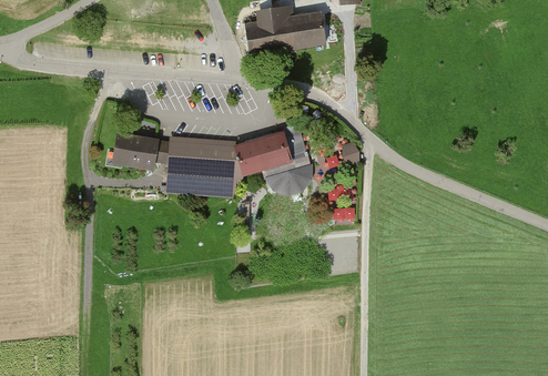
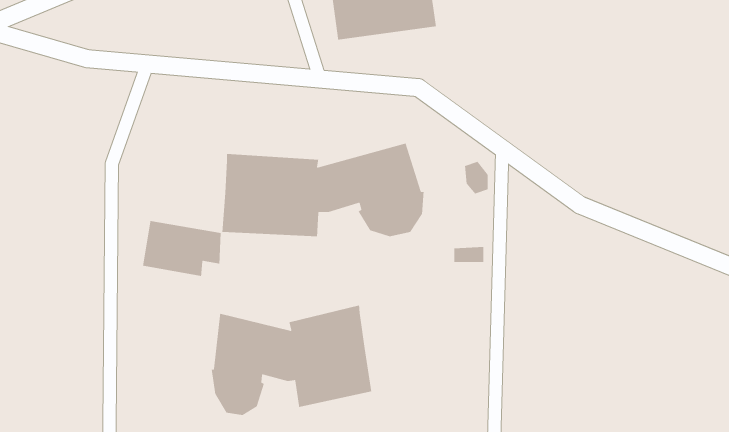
building: [111,132,169,173] -> [142,220,222,277]
building: none -> [211,305,372,416]

